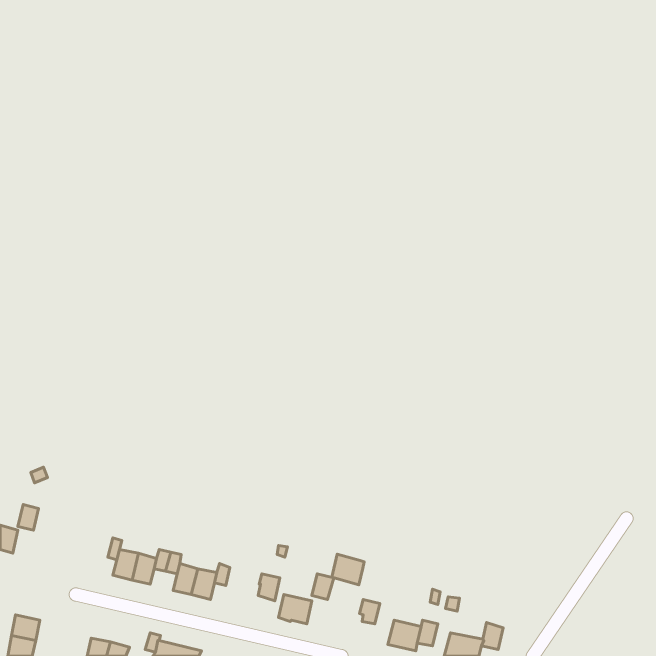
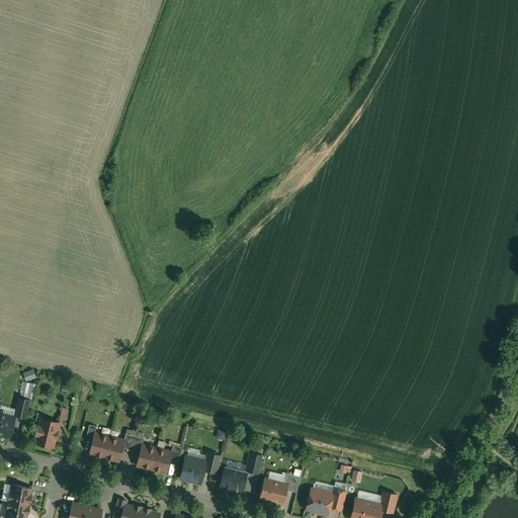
building: none -> [35,419,58,446]
building: [332,554,364,585] -> [261,479,286,503]
building: none -> [180,456,205,483]

